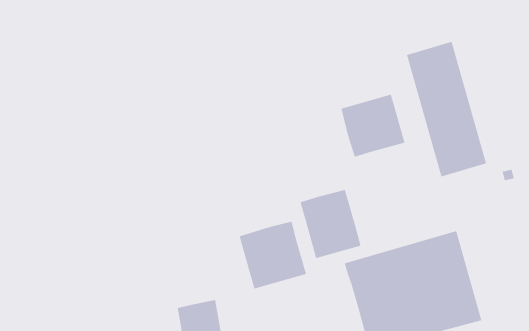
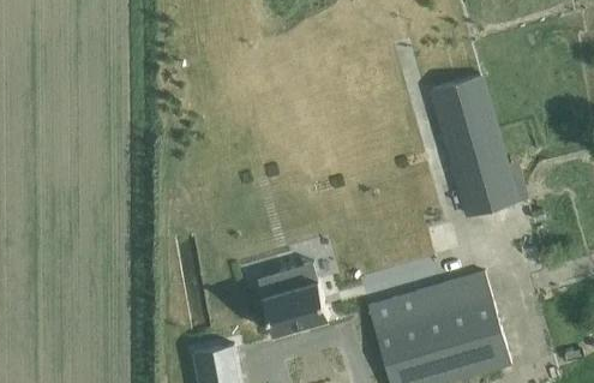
building: [341,94,405,158] -> none
building: [300,189,361,259] -> none

